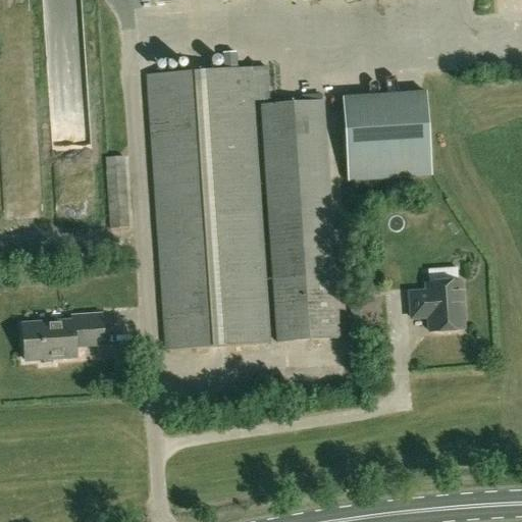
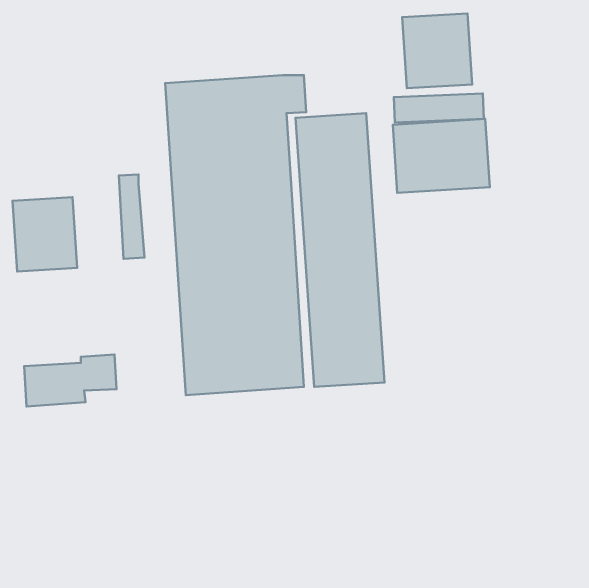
building: none -> [402,13,472,88]
building: none -> [13,197,77,271]
building: [410,282,464,332] -> none

